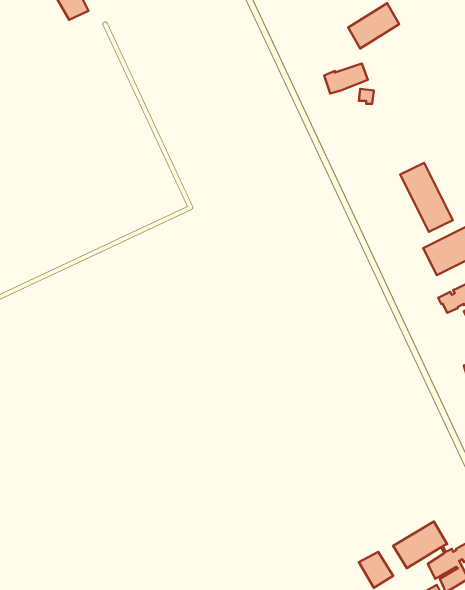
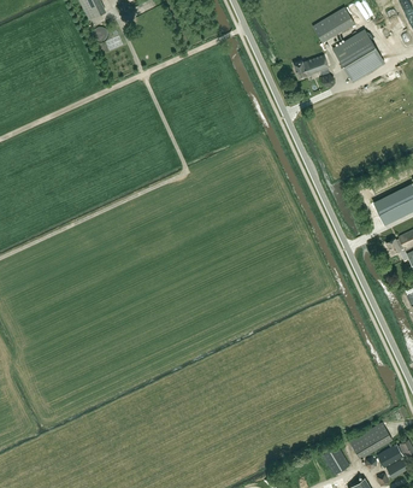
building: none -> [332,30,384,82]
building: [400,163,453,232] -> none

